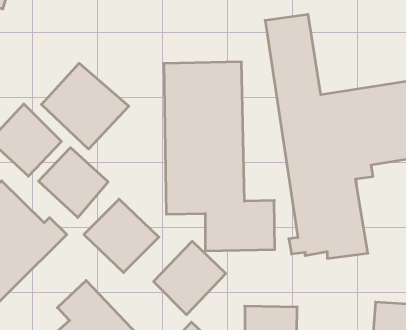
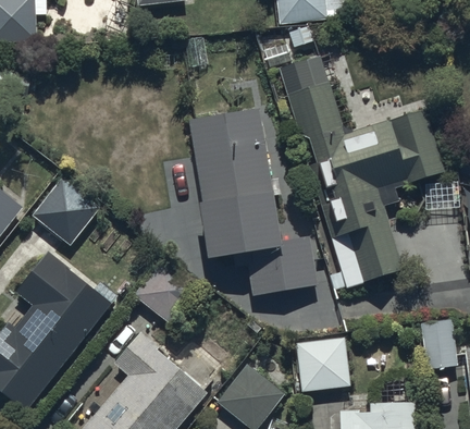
building: [41,63,129,149] -> none
building: [39,148,108,218] -> none
building: [154,241,226,315] -> none

